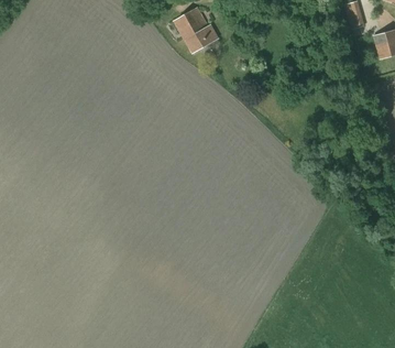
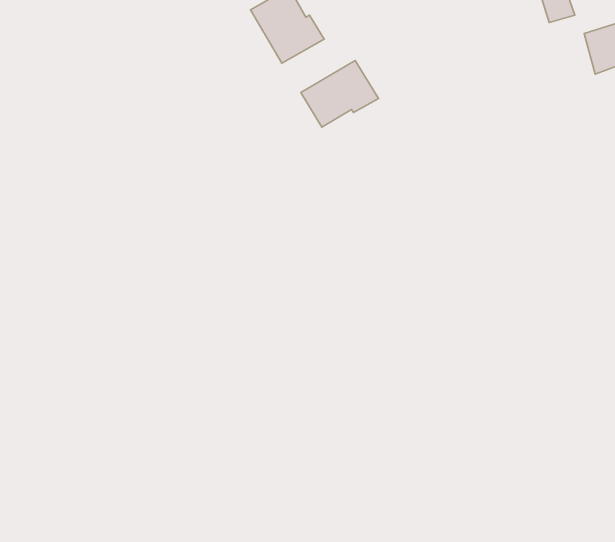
building: none -> [301,60,378,127]

